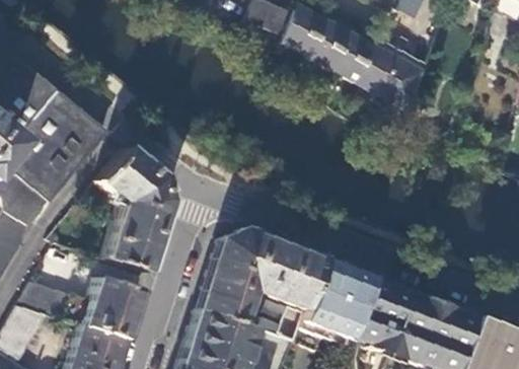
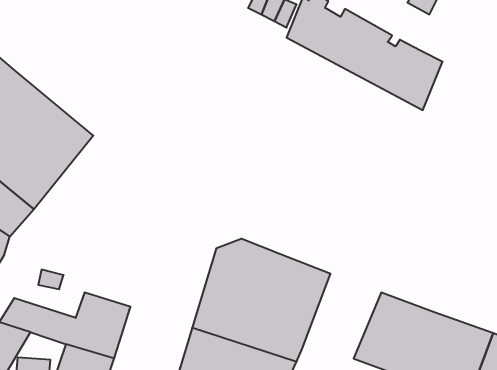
building: [95,147,167,272] -> none
building: [297,260,370,338] -> none

